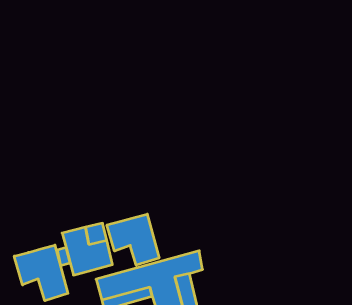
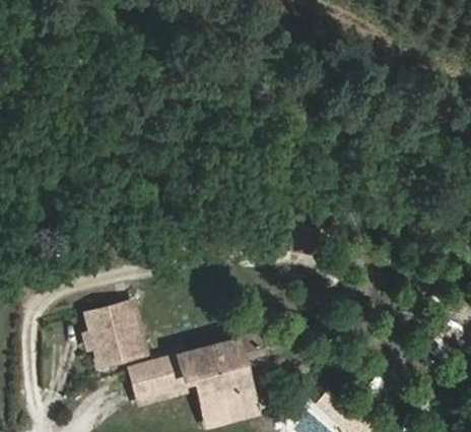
building: [107,214,159,265] -> none
building: [14,245,68,301] -> none

